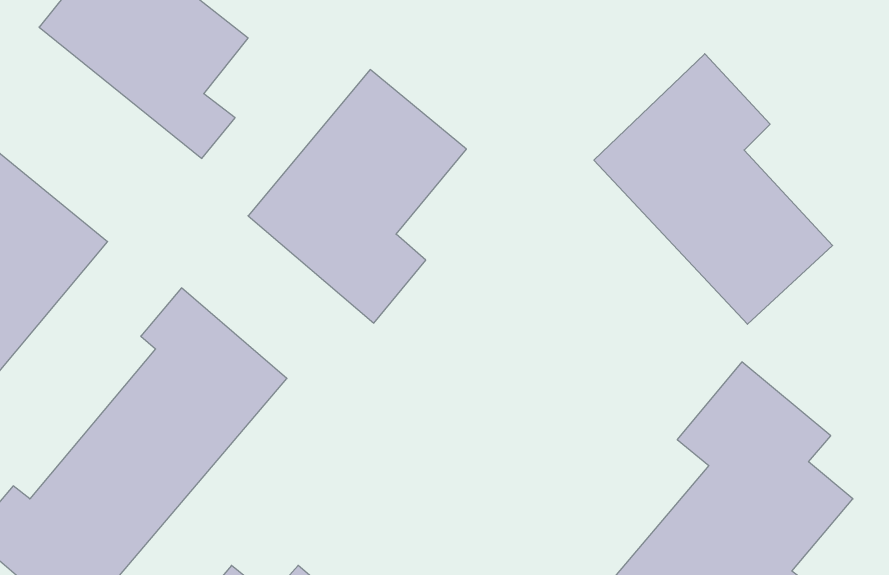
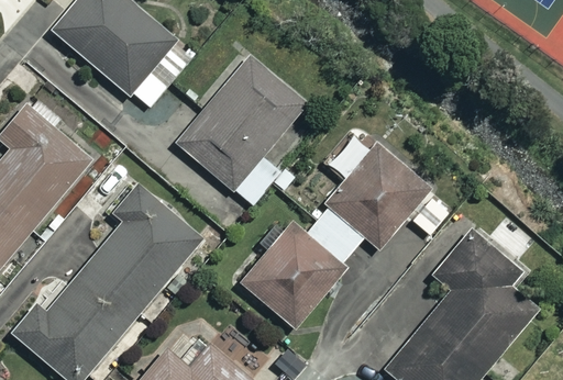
building: [594,54,833,324] -> none
building: none -> [241,144,430,328]

